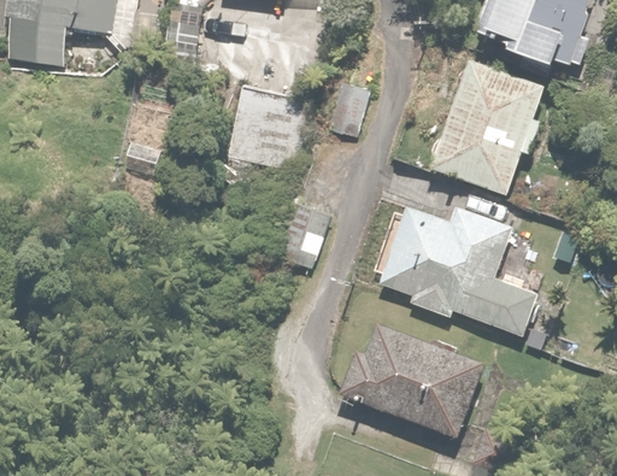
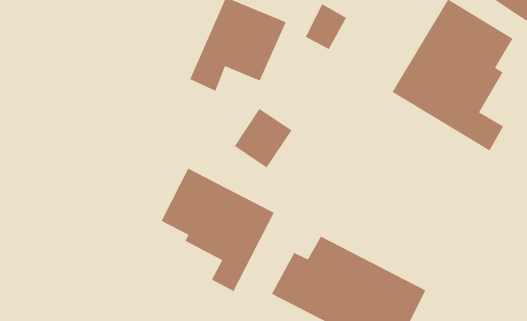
building: [381,202,543,334] -> none
building: none -> [161,167,275,292]

